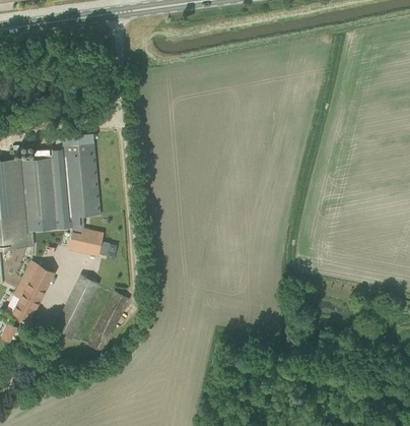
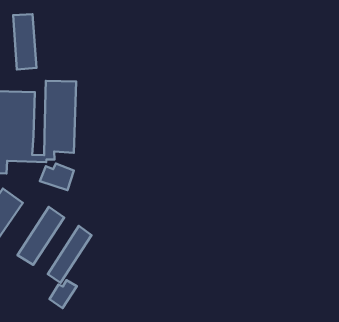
building: none -> [13,14,37,70]
building: none -> [50,280,77,308]

